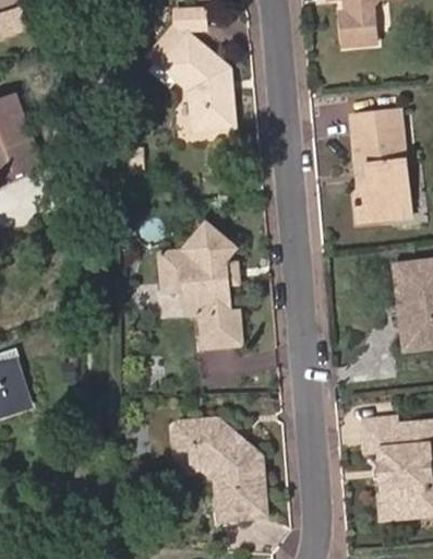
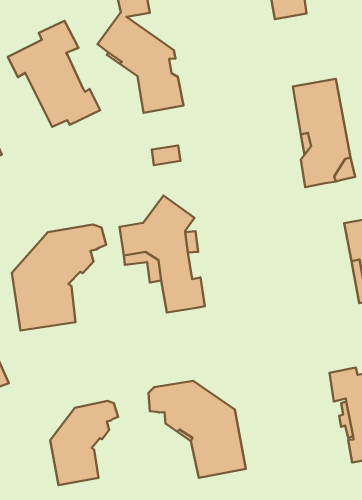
building: none -> [8,21,100,127]
building: none -> [12,224,106,330]
building: none -> [50,401,118,485]

